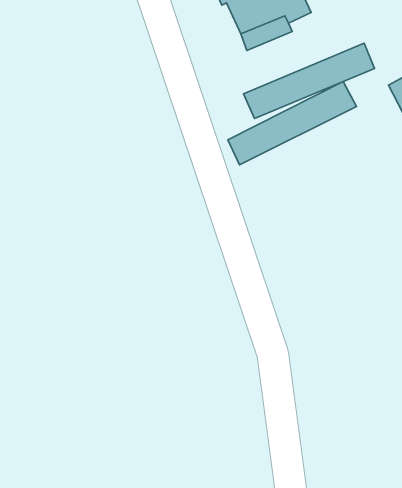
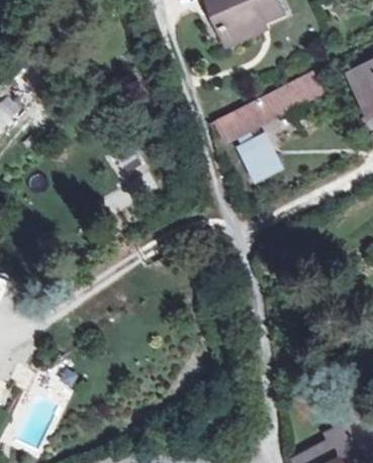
building: [244,43,374,118] -> none
building: none -> [235,130,283,183]

